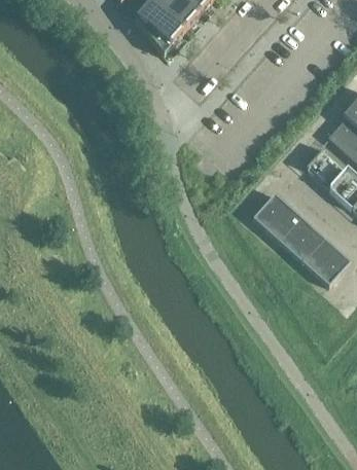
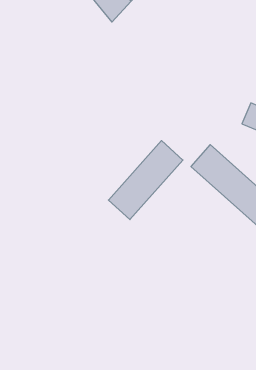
building: none -> [108,141,183,220]

